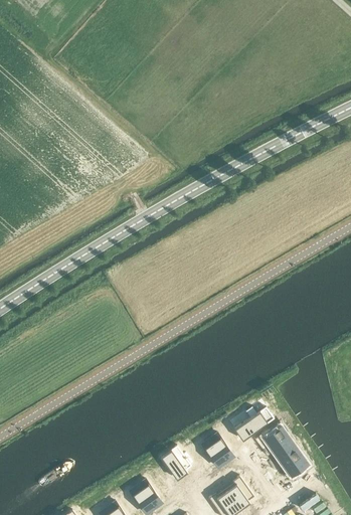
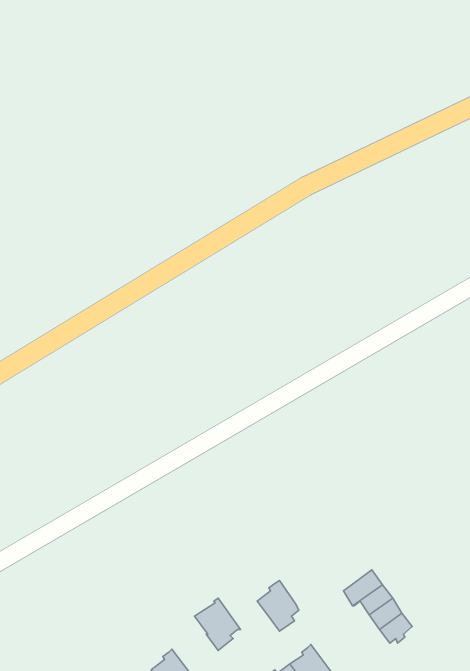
building: [234,406,275,441] -> none

